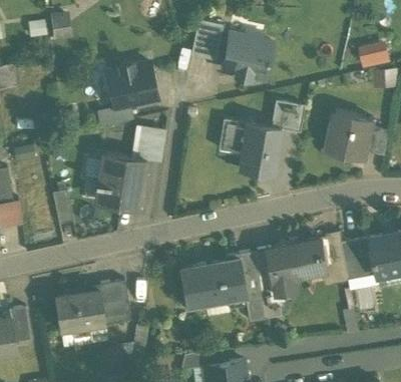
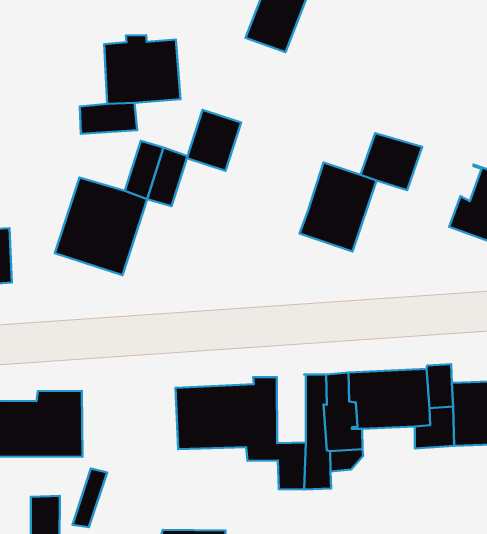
building: [221,33,273,79] -> none
building: [218,119,247,153] -> [187,110,241,171]
building: [238,251,261,294] -> none

